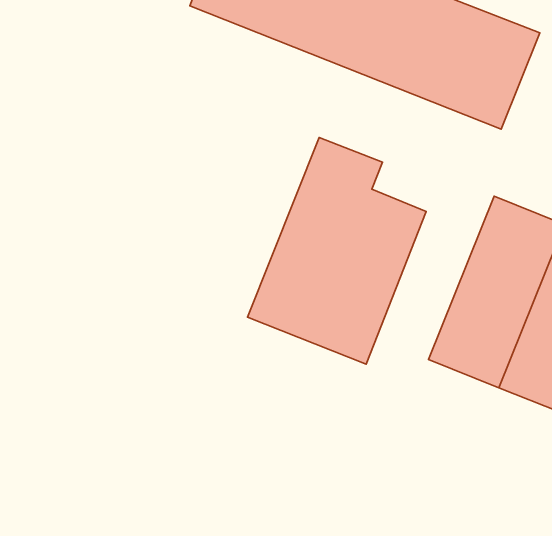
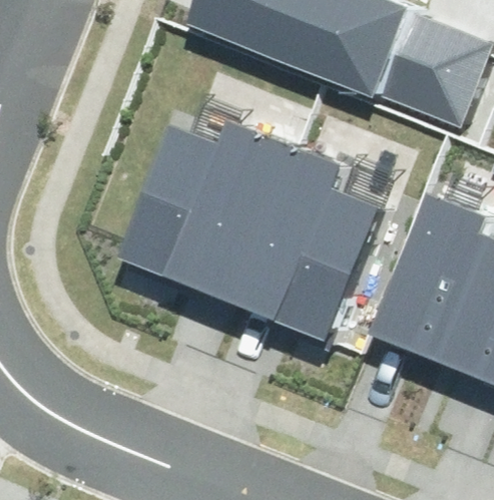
building: none -> [128,114,290,290]

